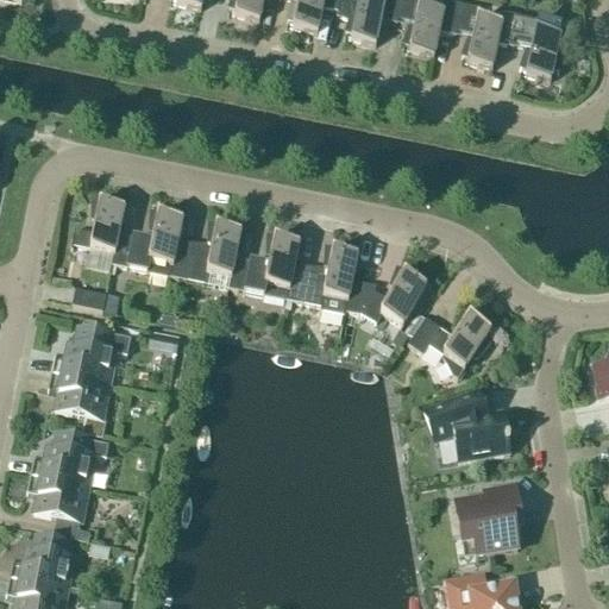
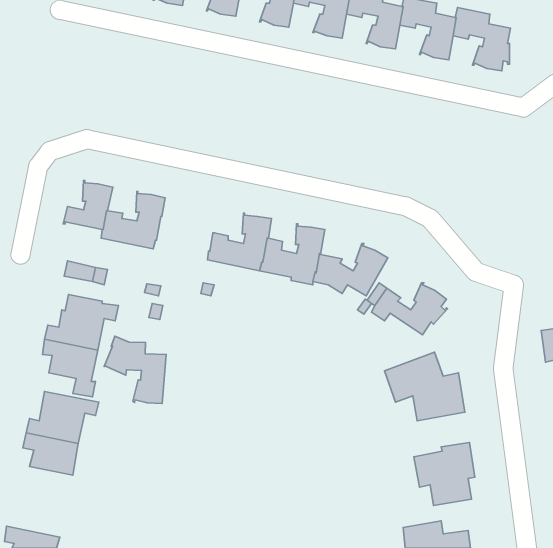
building: [170,221,241,280] -> none
building: none -> [104,336,166,403]
building: [10,530,75,588] -> none

